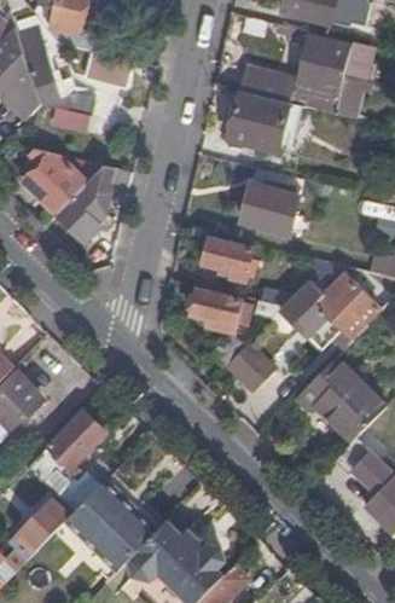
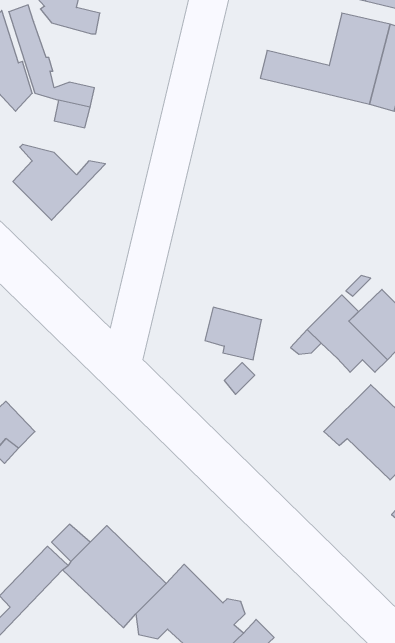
building: [85,51,132,88] -> none
building: [227,89,290,151] -> none
building: [57,164,115,240] -> none
building: [243,184,298,233] -> none
building: [204,238,256,282] -> none
building: [222,342,273,394] -> none
building: [28,410,106,482] -> none

